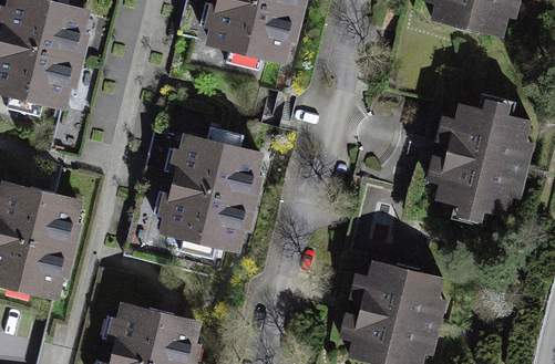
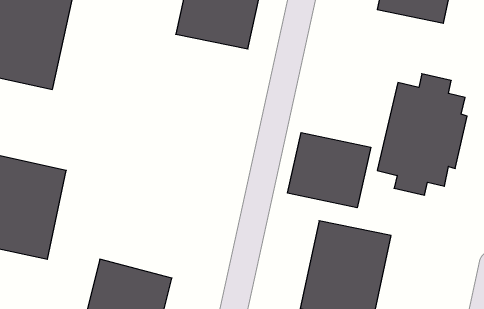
building: [153,136,266,263] -> none
building: none -> [288,133,371,208]

